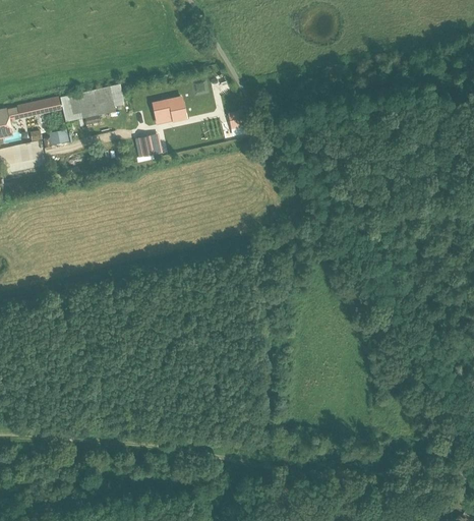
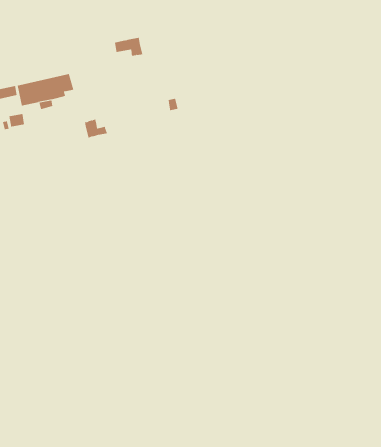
building: [154,97,186,118] -> [114,37,143,56]

